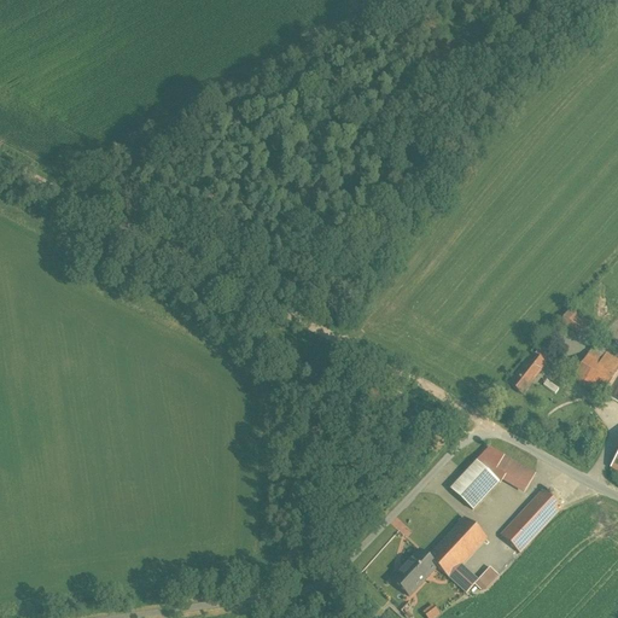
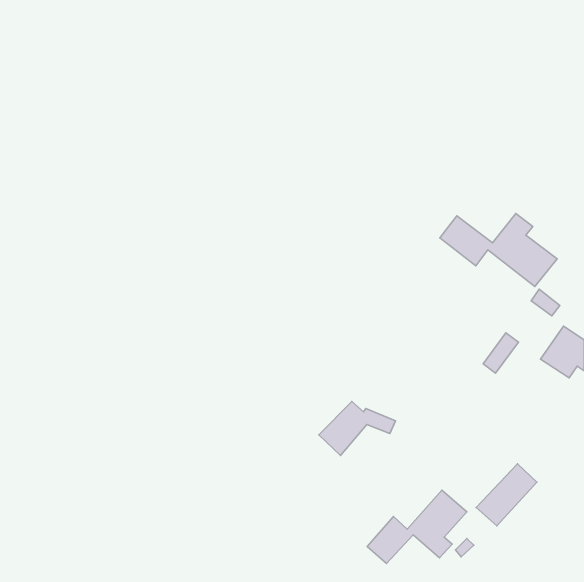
building: none -> [440,213,557,287]
building: [454,450,535,507] -> [319,401,396,455]

